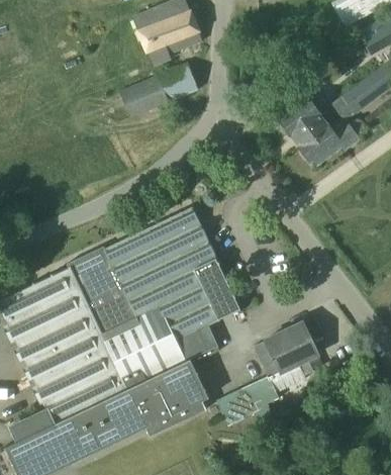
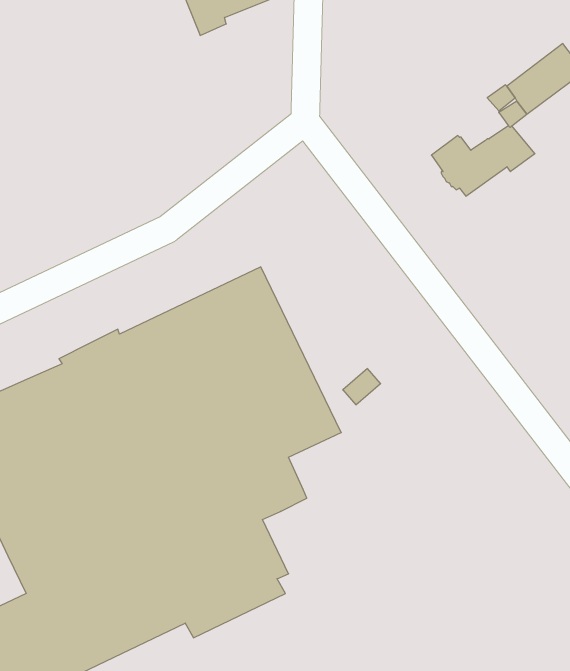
building: [120,64,197,117] -> none
building: [281,98,336,138] -> none
building: [215,317,322,432] -> none

